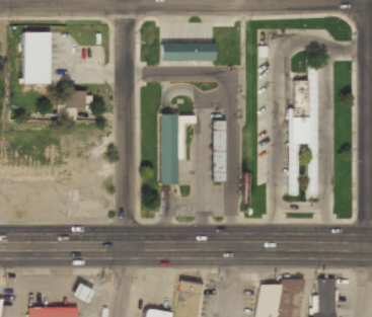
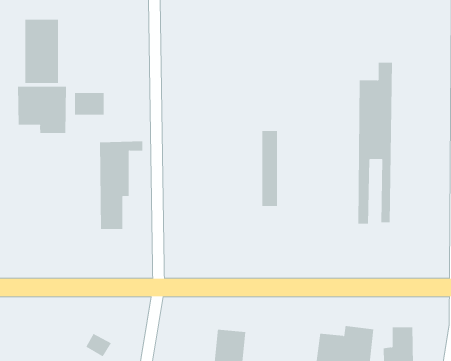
building: [161,45,214,61] -> none
building: none -> [17,86,66,134]
building: [159,114,195,185] -> [99,141,143,230]

